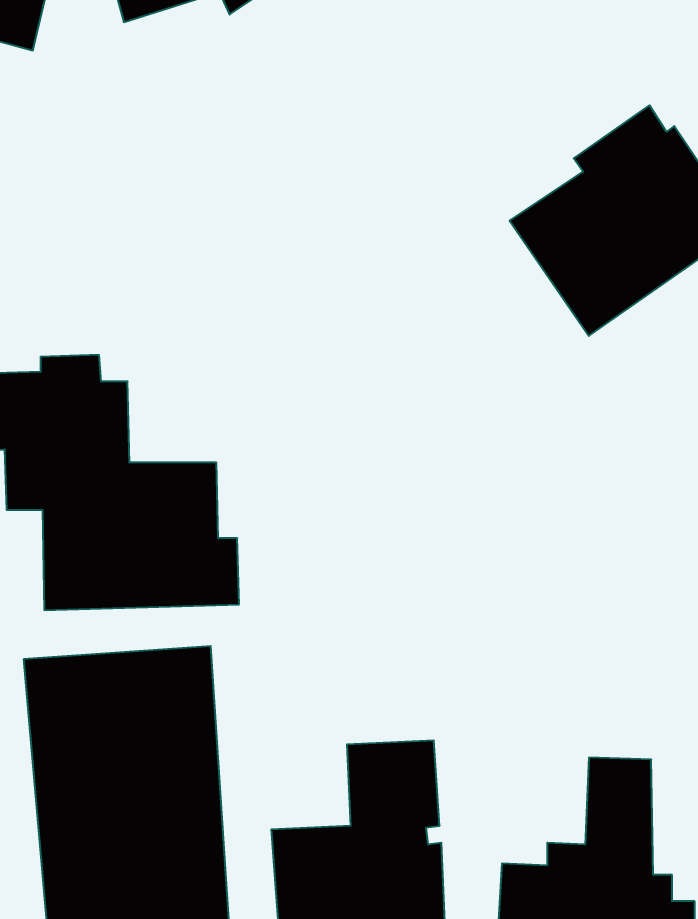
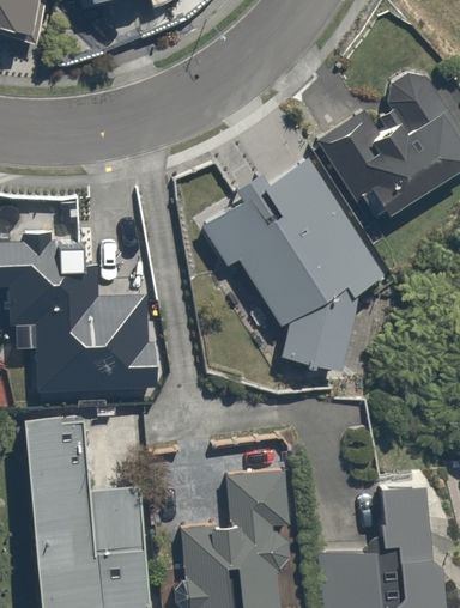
building: none -> [199,160,382,371]

